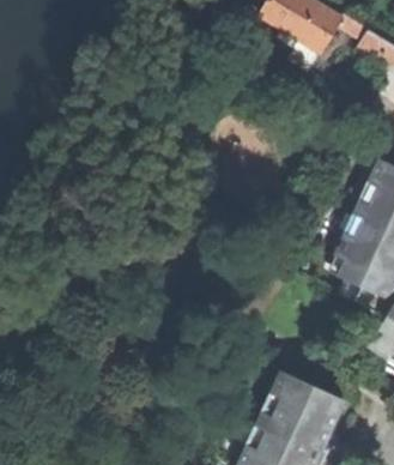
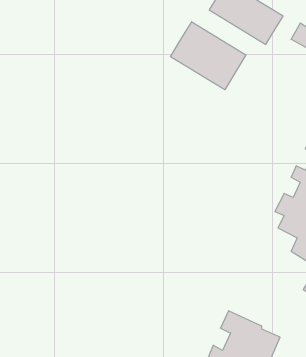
building: none -> [170,22,246,90]

